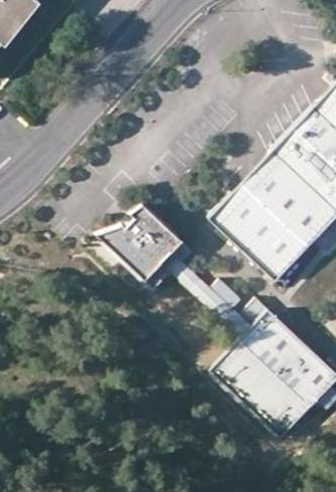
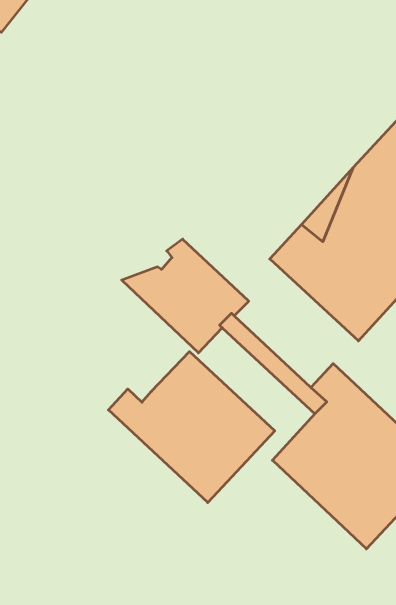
building: none -> [108,352,275,503]

